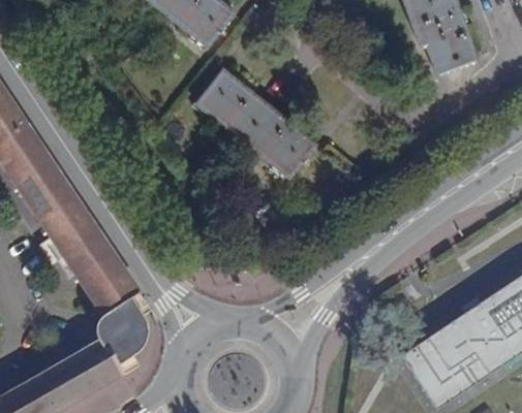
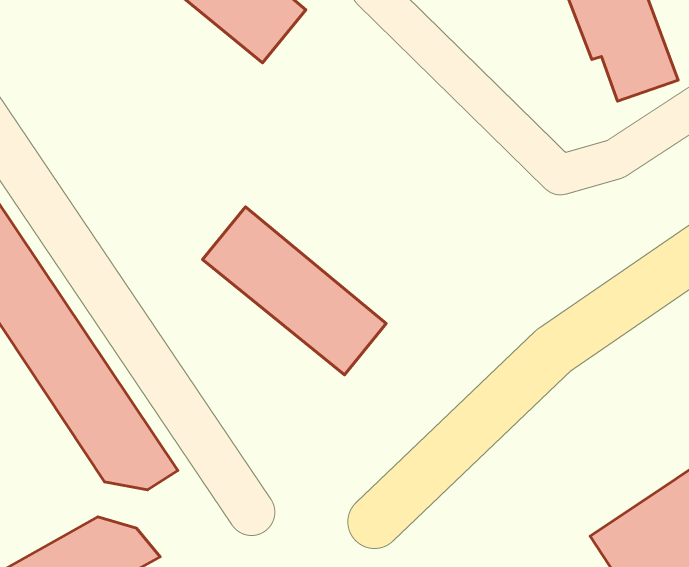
building: [194,67,313,176] -> [202,207,386,375]
building: [98,309,152,364] -> none

